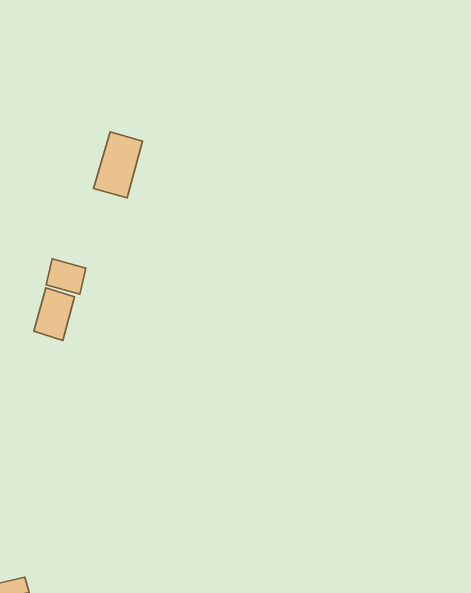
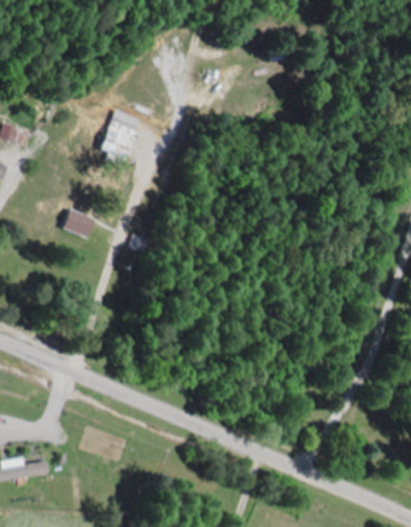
building: [34,288,75,340] -> none

